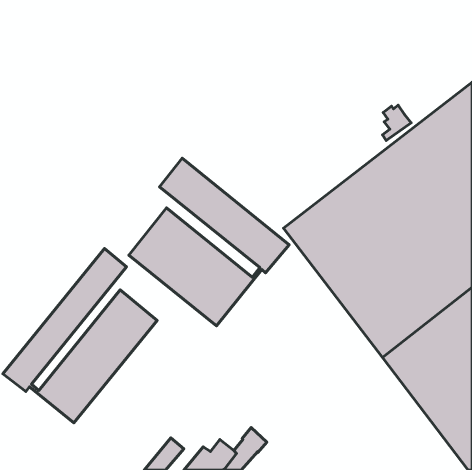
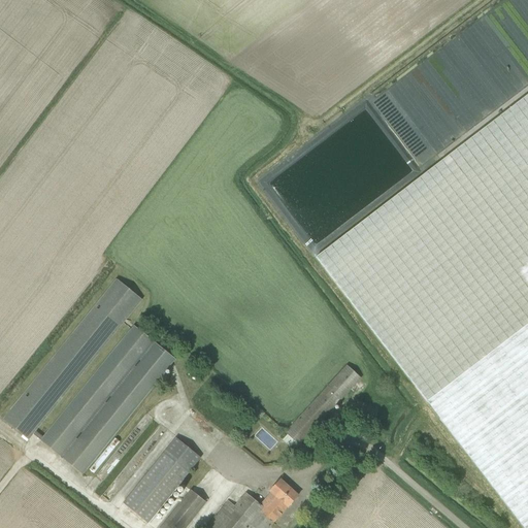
building: [129,158,289,326] -> none
building: none -> [286,364,361,443]
building: none -> [124,437,200,521]

